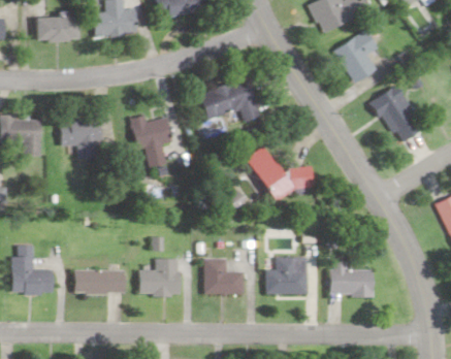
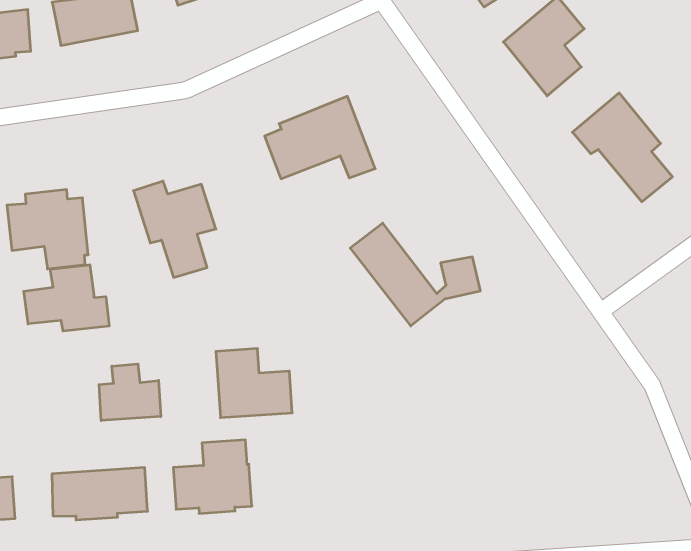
building: none -> [24,265,109,331]
building: none -> [99,364,161,421]
building: [266,257,309,294] -> none
building: [205,258,245,294] -> [216,349,292,418]
building: [329,261,375,297] -> none

